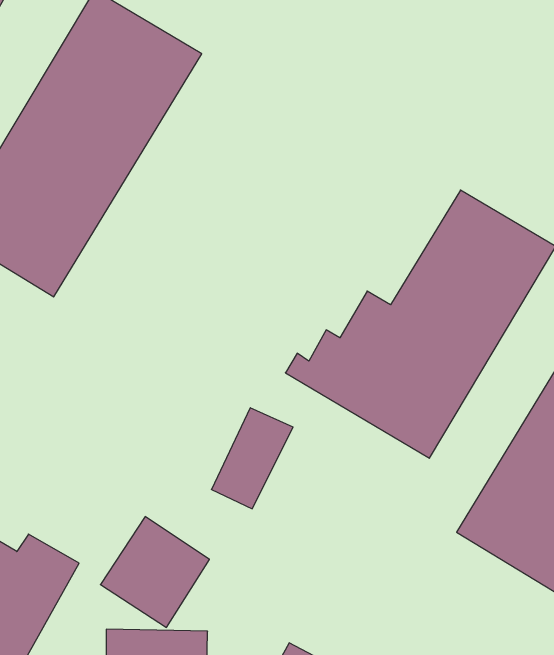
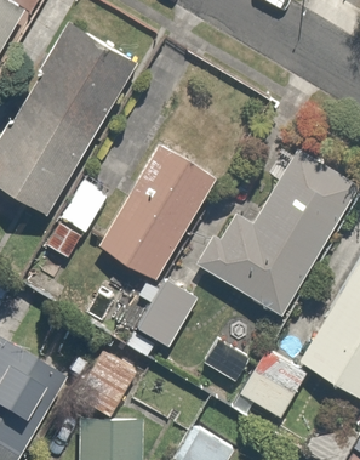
building: none -> [91,136,224,282]
building: none -> [241,353,303,416]

